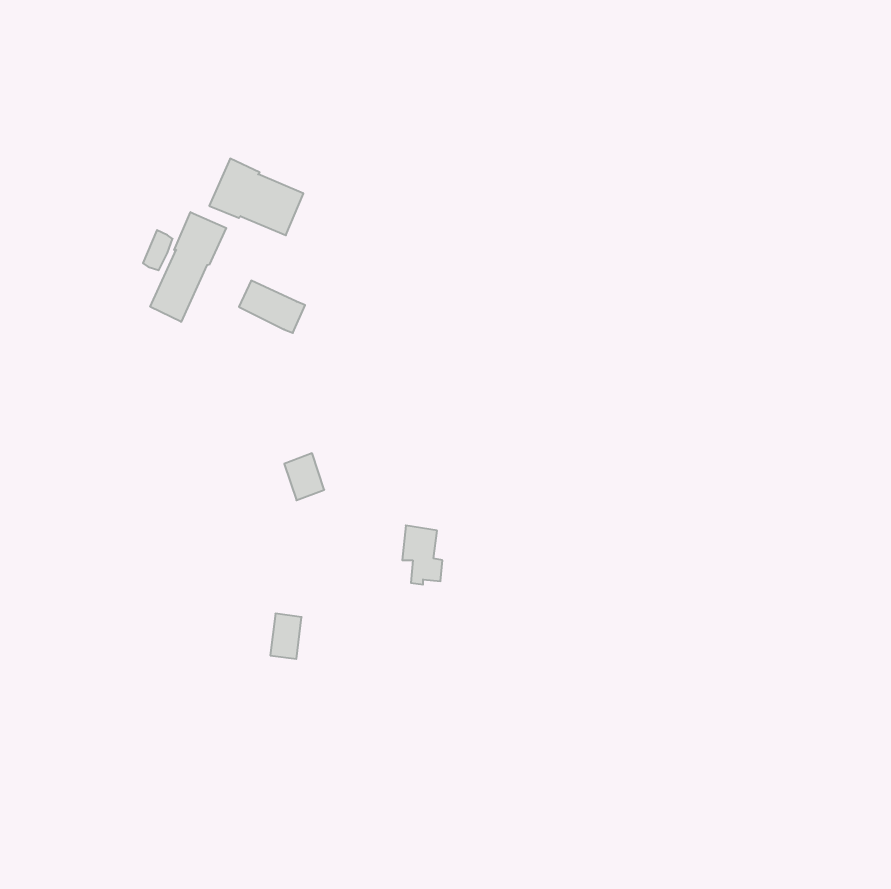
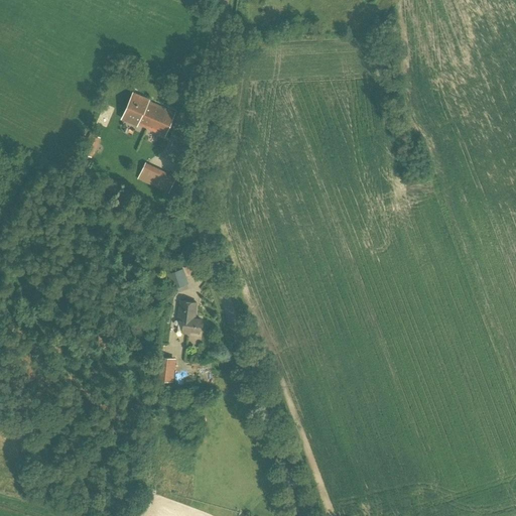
building: [150,212,226,322] -> none
building: [402,525,442,585] -> [177,300,201,335]

